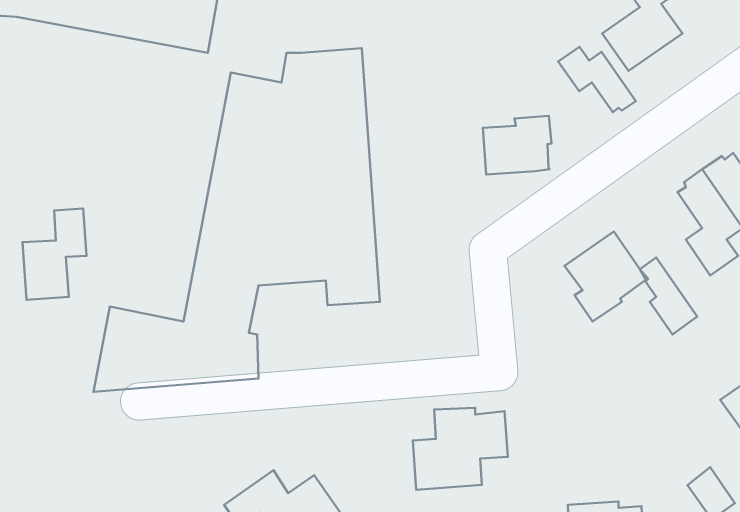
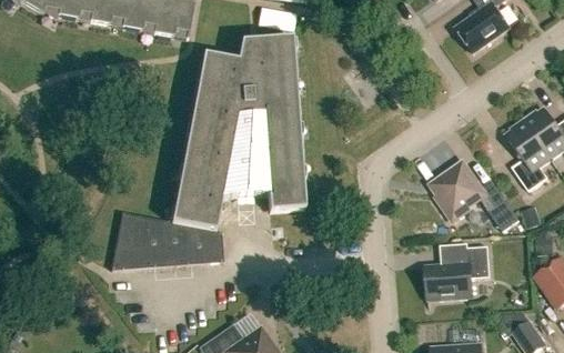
building: [558,47,636,112] -> none
building: [483,116,552,175] -> none
building: [22,208,86,300] -> none
building: [413,408,508,490] -> [425,242,490,297]

